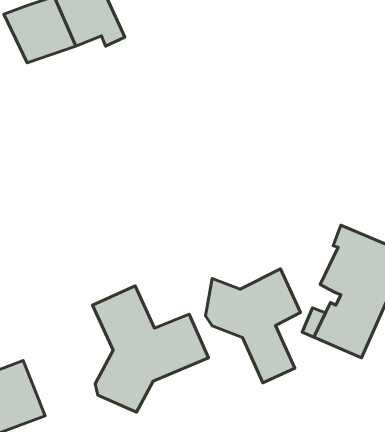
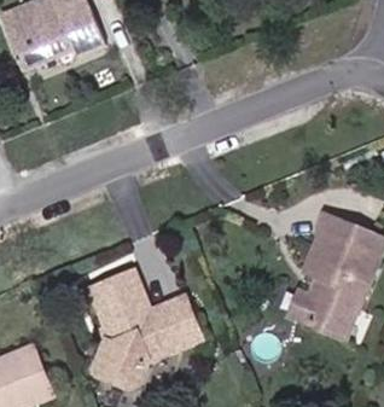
building: [206,269,301,383] -> none

